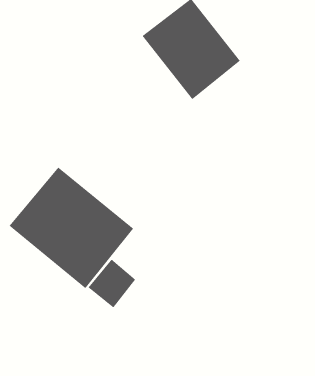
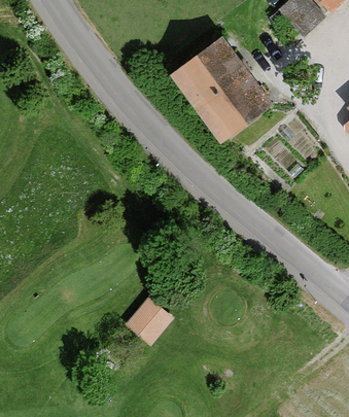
building: [8,166,134,289] -> none

